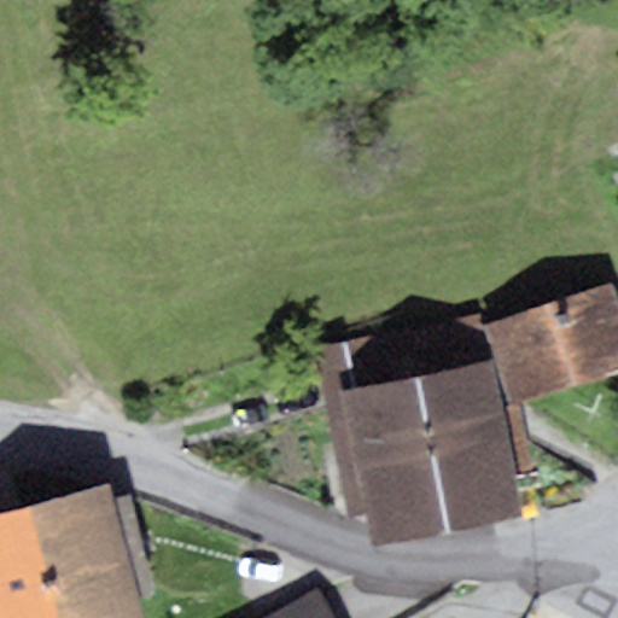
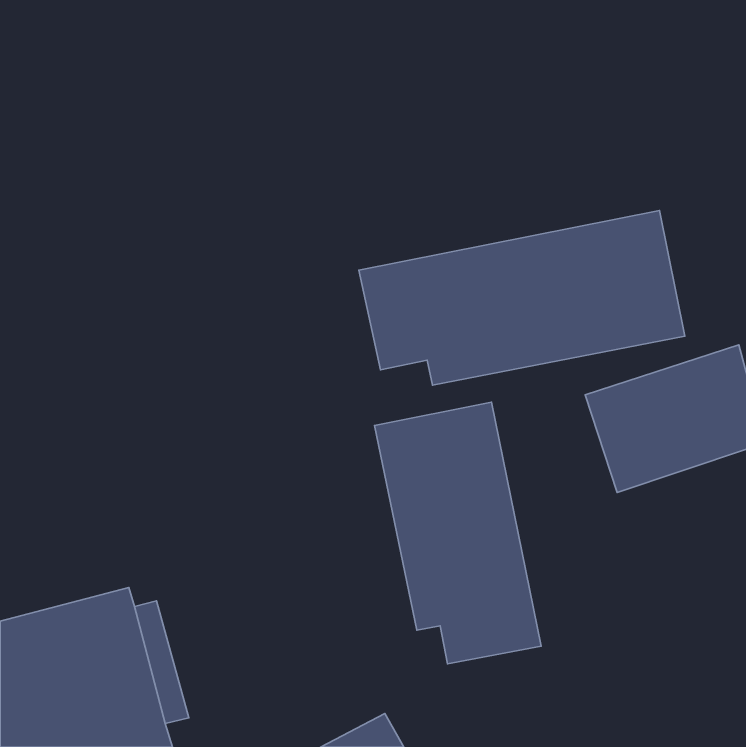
building: none -> [359,211,685,385]
building: [407,317,520,534] -> none

